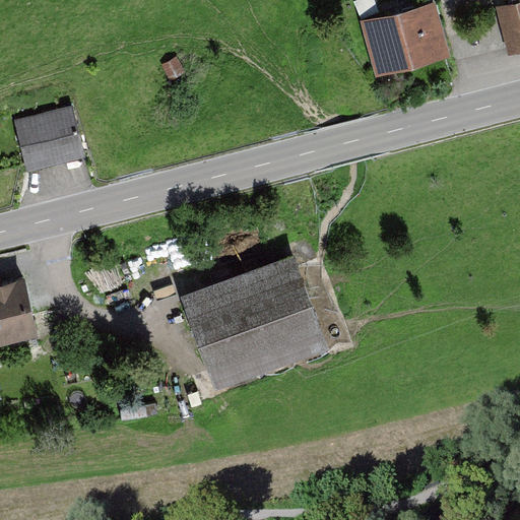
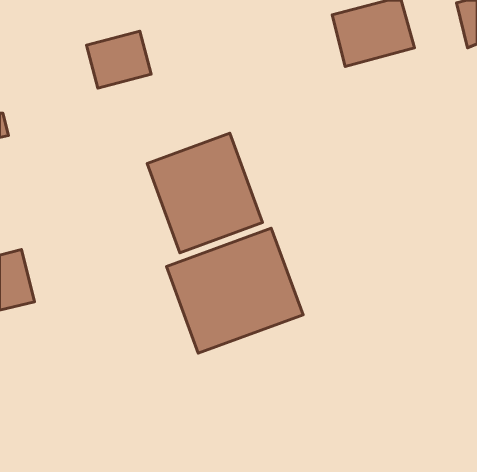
building: [14,110,84,172] -> [87,31,151,88]
building: none -> [147,133,263,253]

